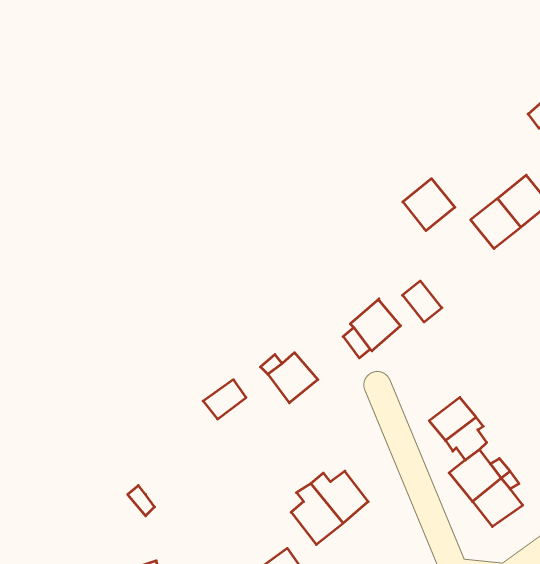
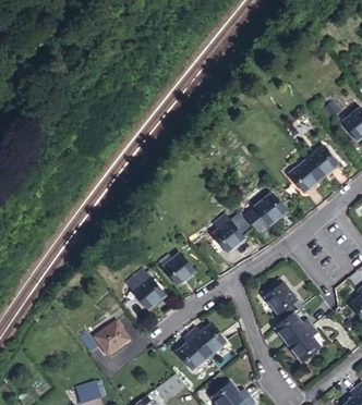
building: [403,179,455,231] -> [257,196,289,228]
building: none -> [134,281,165,311]
building: none -> [94,321,129,355]

